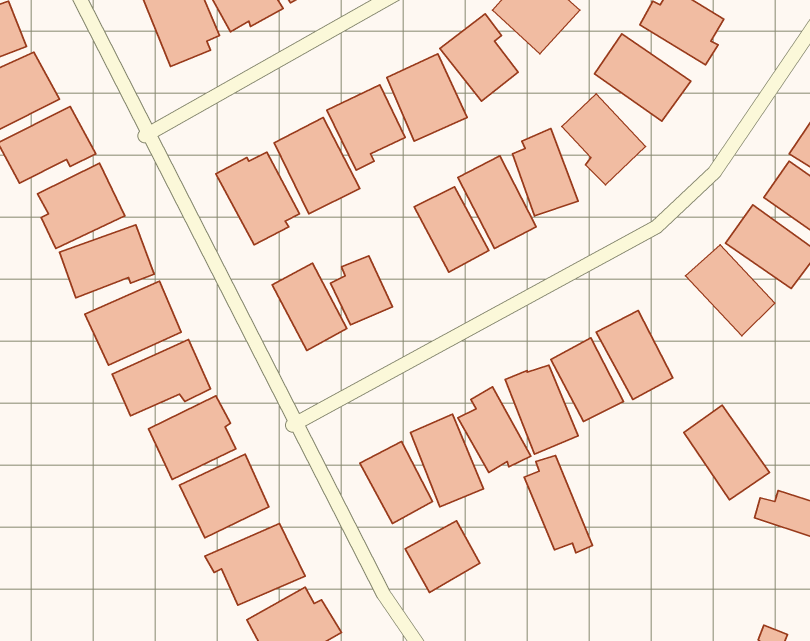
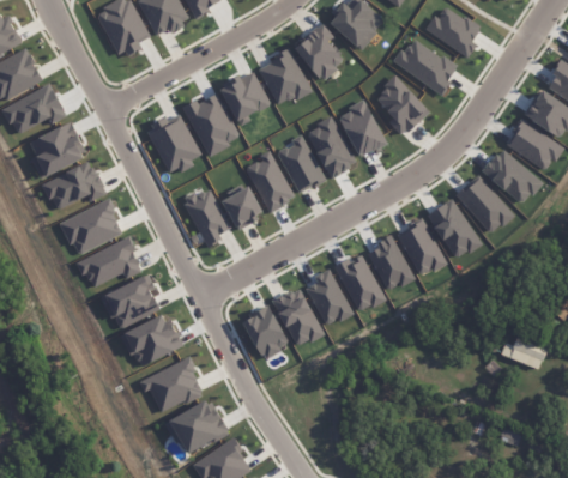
building: none -> [246,150,292,211]
building: [684,405,769,500] -> [425,198,482,260]
building: [524,456,592,553] -> none
building: [405,521,480,593] -> none

